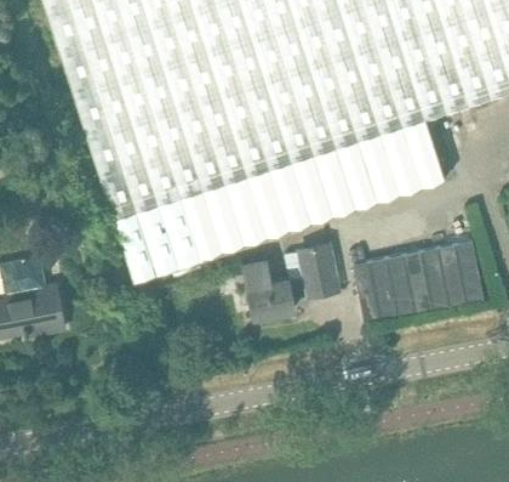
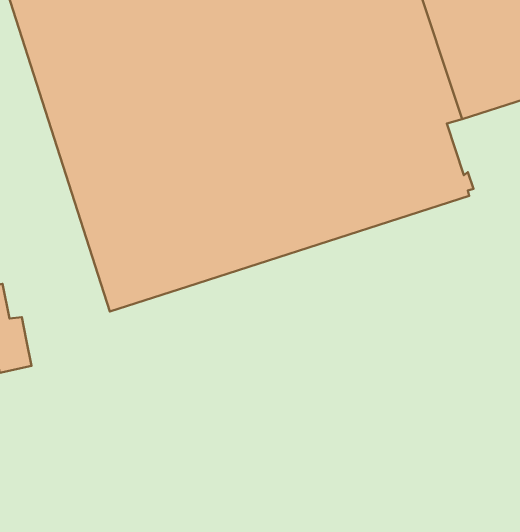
building: [353,239,484,322] -> none
building: [244,243,337,316] -> none

